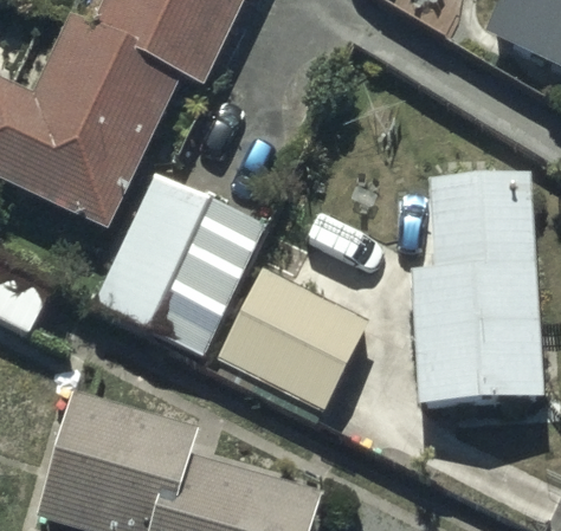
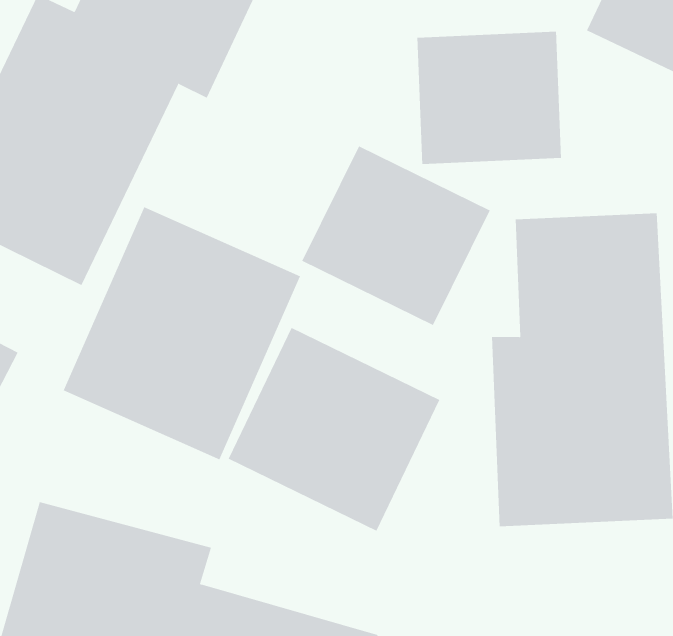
building: none -> [417,31,562,165]
building: none -> [301,146,491,326]

